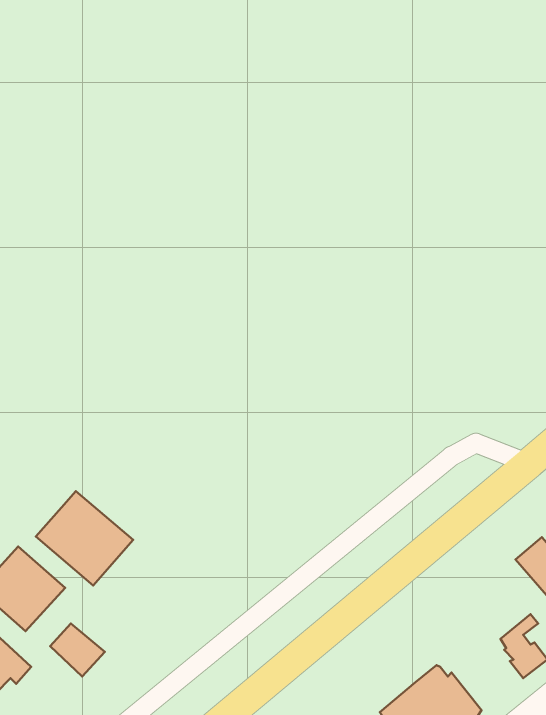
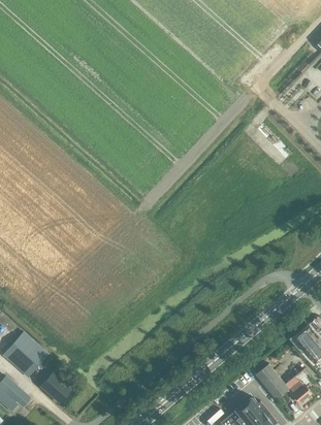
building: [36,491,133,585] -> none
building: none -> [255,363,289,399]

